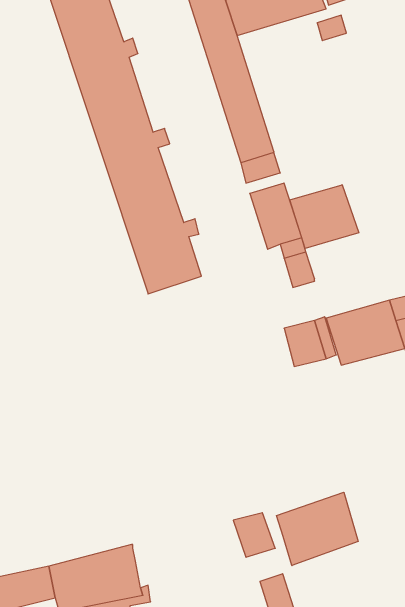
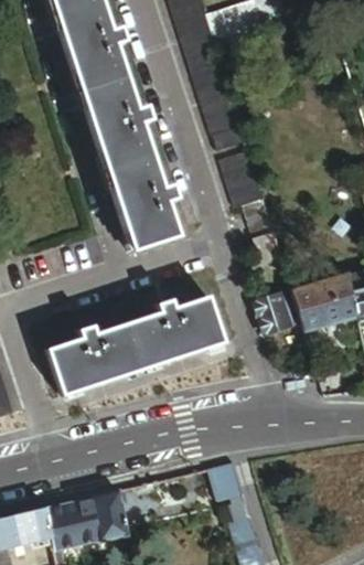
building: [290,185,359,248] -> none
building: none -> [50,294,225,394]
building: [276,492,358,566] -> none

